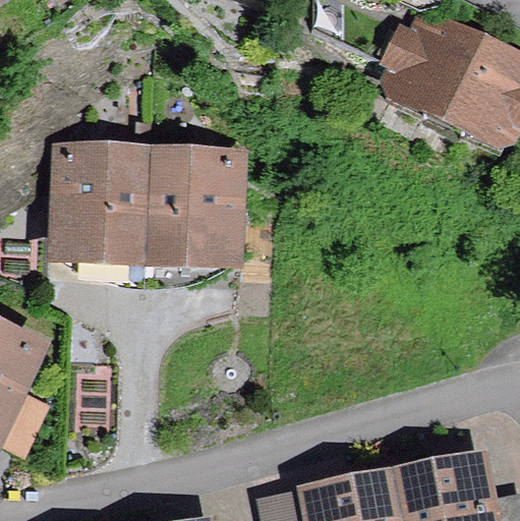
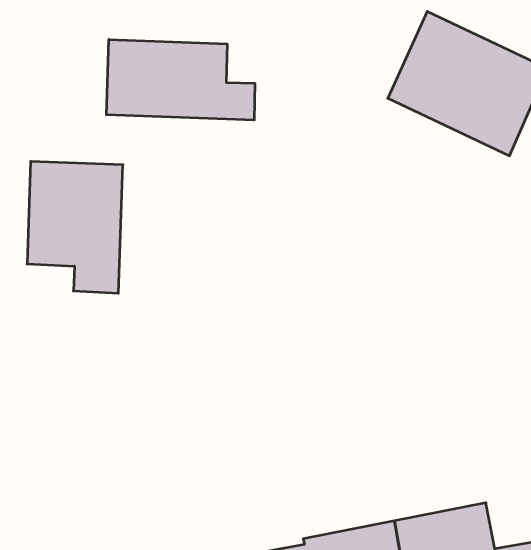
building: none -> [106,39,255,120]
building: [145,151,232,269] -> none

